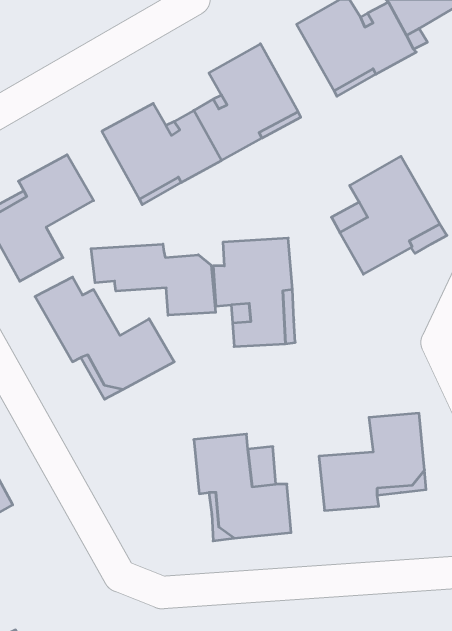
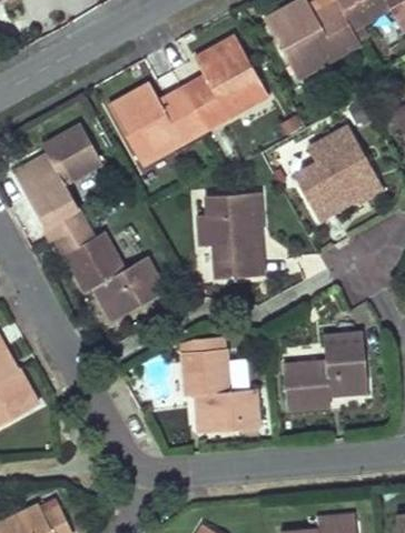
building: [91,244,216,315] -> none

